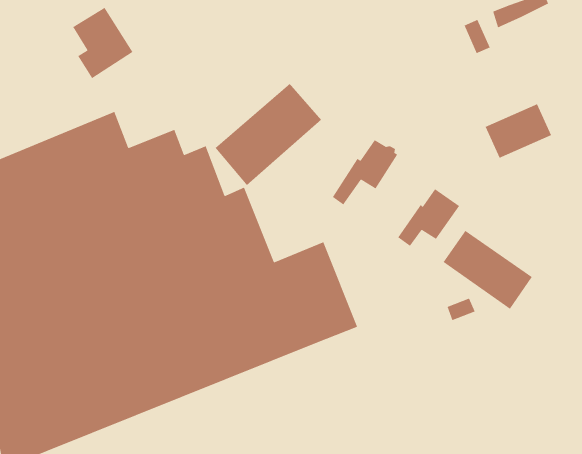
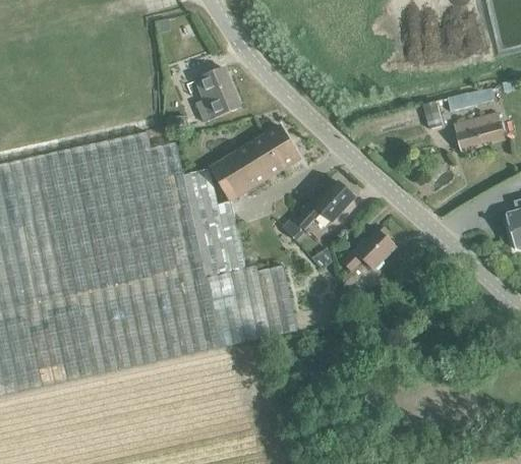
building: [72,7,134,79] -> [195,69,240,124]
building: [485,103,552,159] -> [453,114,505,153]
building: [443,230,533,310] -> none

